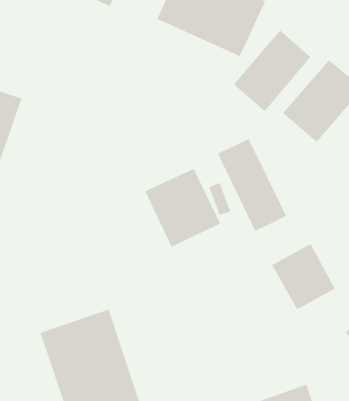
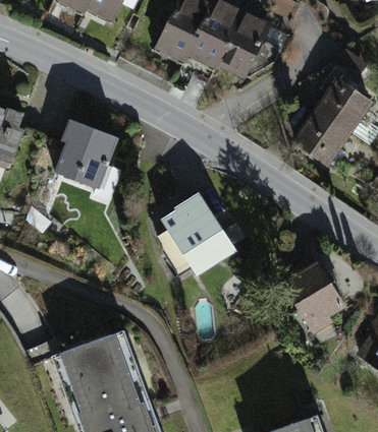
building: [233,30,311,112] -> none
building: none -> [45,114,127,200]
building: [217,138,287,232] -> none

